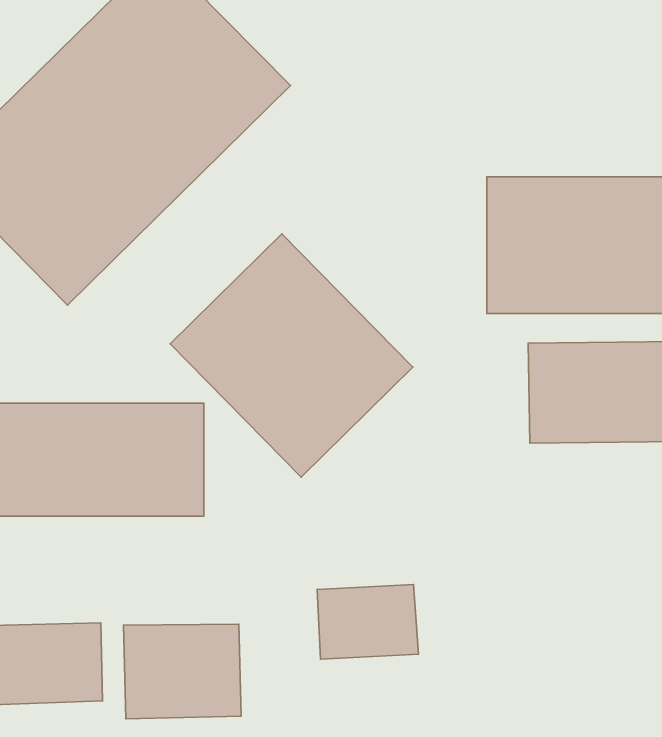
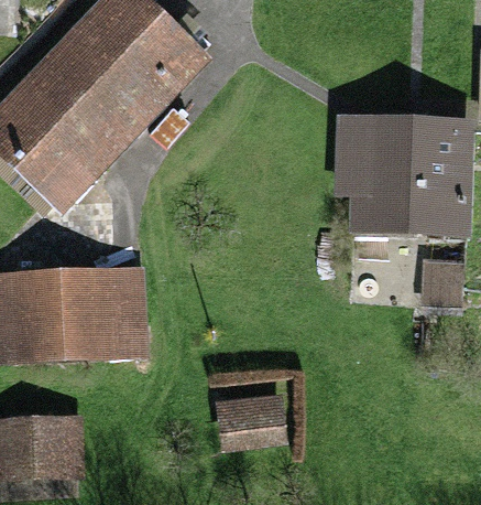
building: [170,234,413,477] -> none
building: [123,624,241,719] -> none

